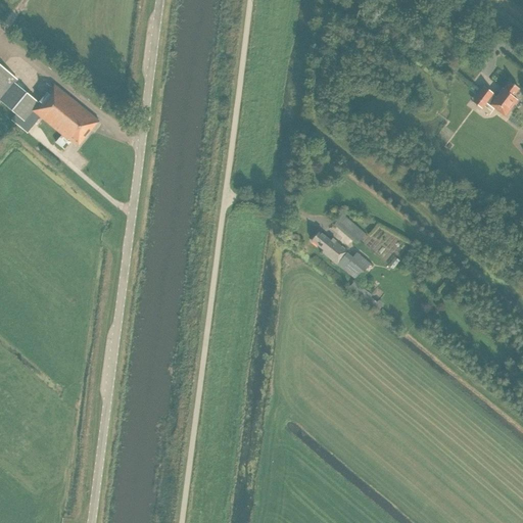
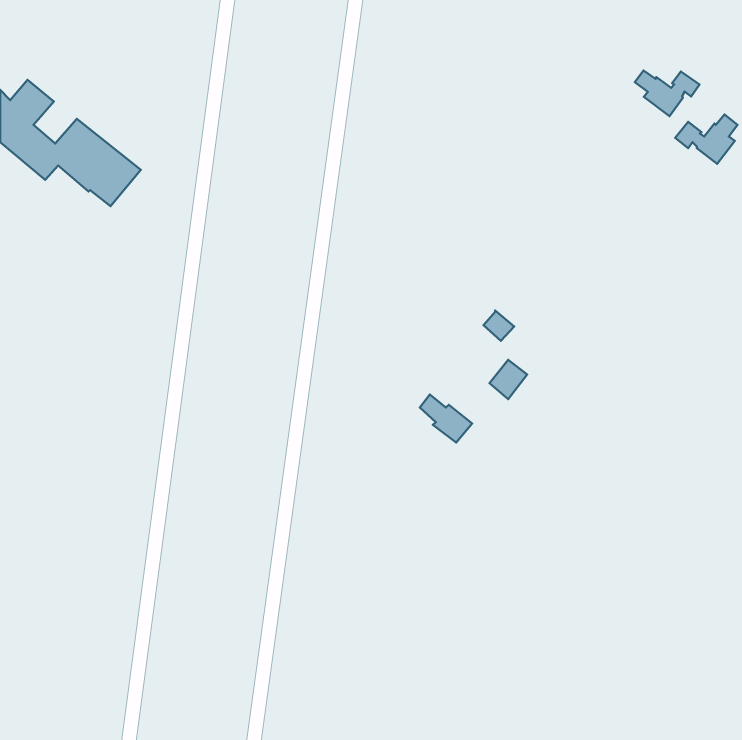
building: none -> [635,70,699,116]
building: [312,230,348,264] -> [420,395,472,442]

